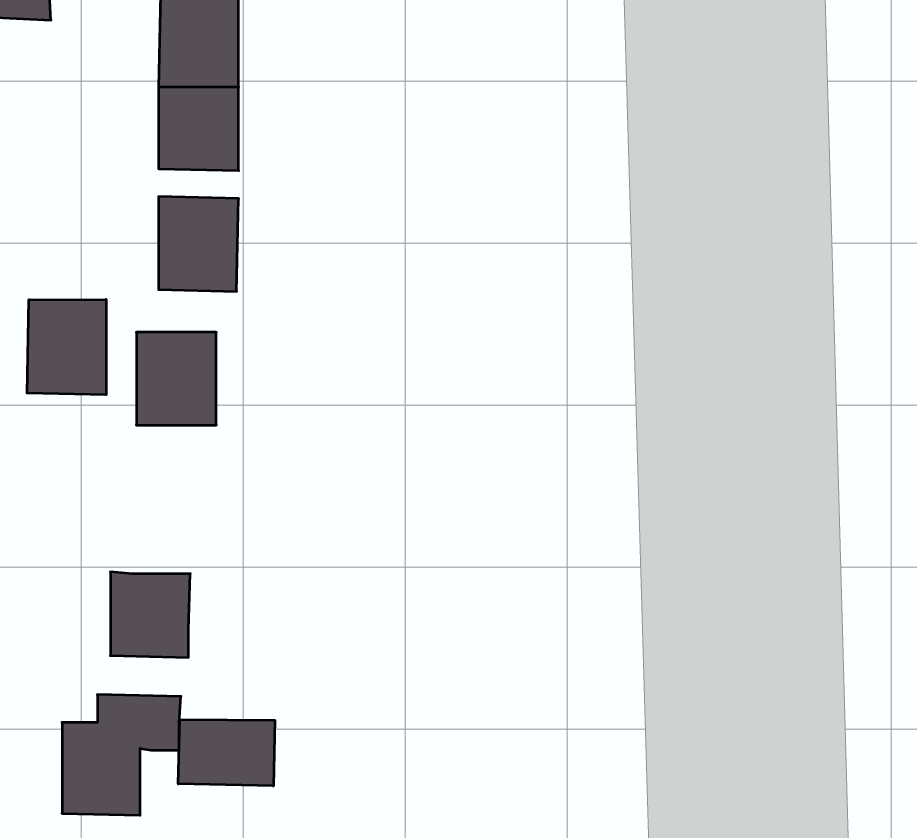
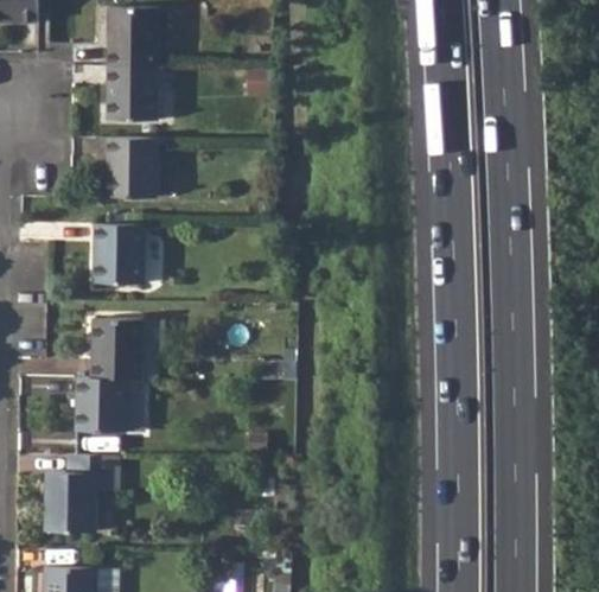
building: [27,299,106,395] -> none
building: none -> [90,319,142,378]
building: [178,720,275,786] -> none

